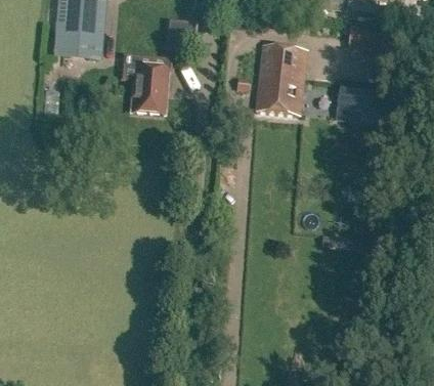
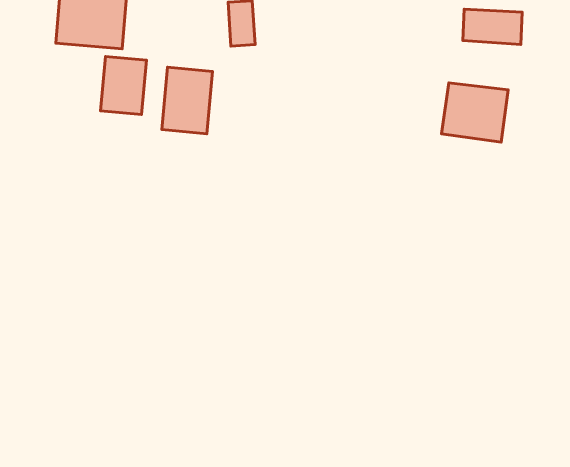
building: [255,45,308,116] -> none
building: none -> [101,57,146,114]

